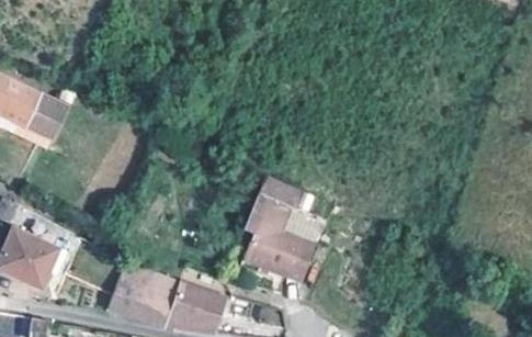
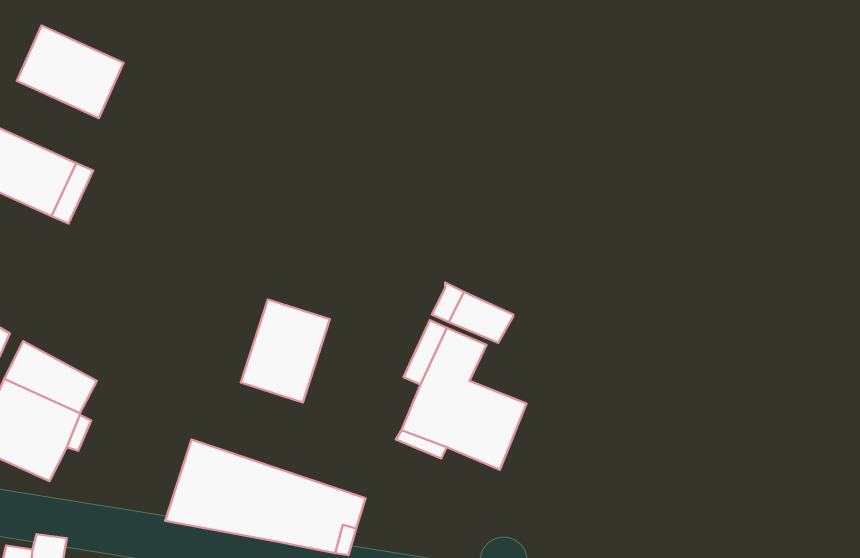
building: none -> [17,26,124,118]
building: none -> [241,299,330,402]

